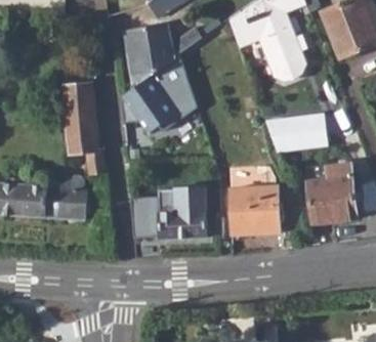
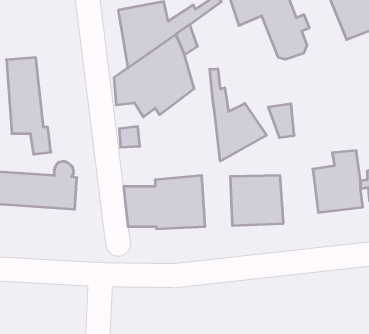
building: [62,83,105,174] -> [6,58,51,154]
building: none -> [210,69,266,161]
building: [288,116,326,149] -> none

